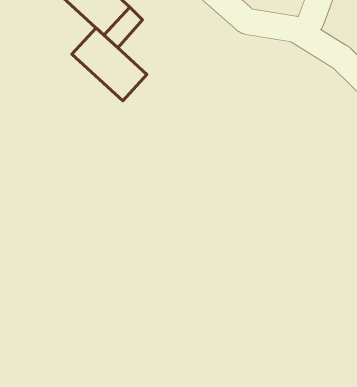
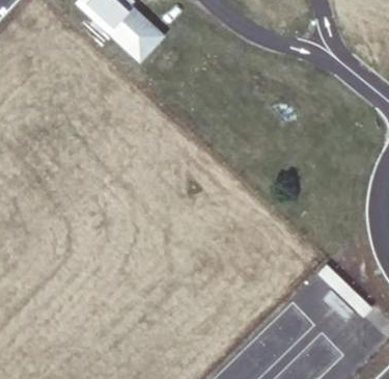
building: [72,28,147,101] -> none

